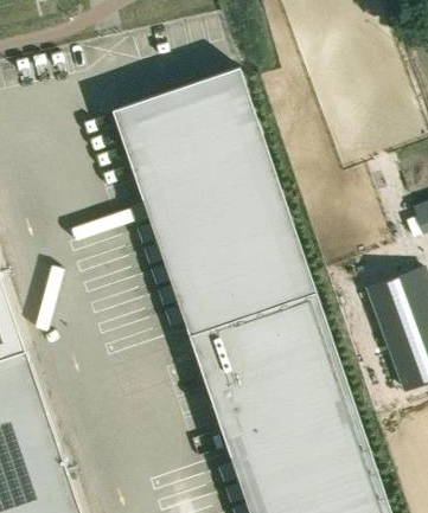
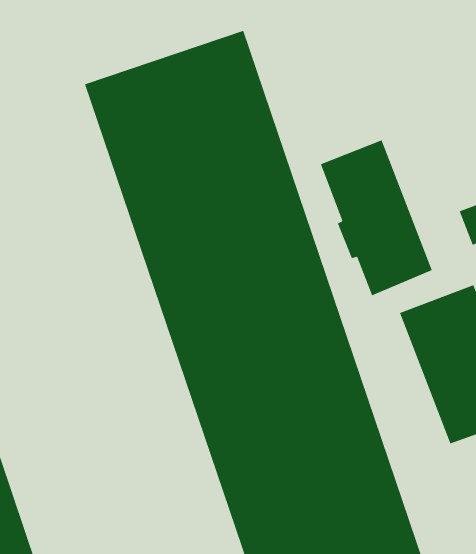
building: none -> [320,139,432,296]

